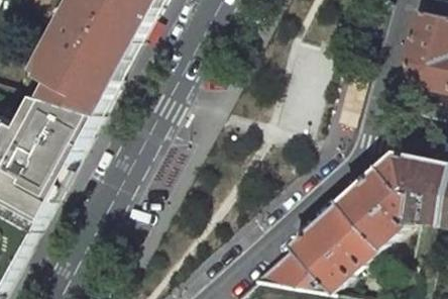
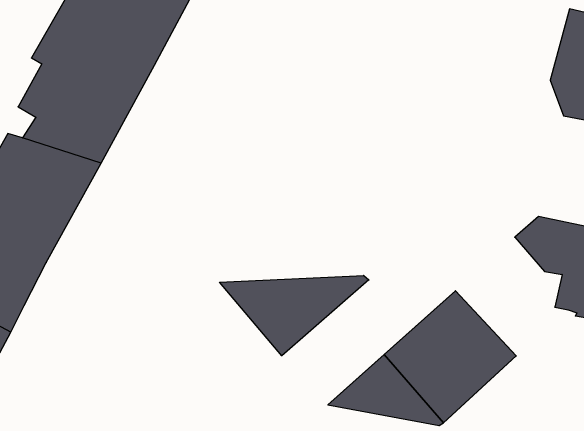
building: [336,167,409,247] -> none
building: none -> [220,275,369,356]

